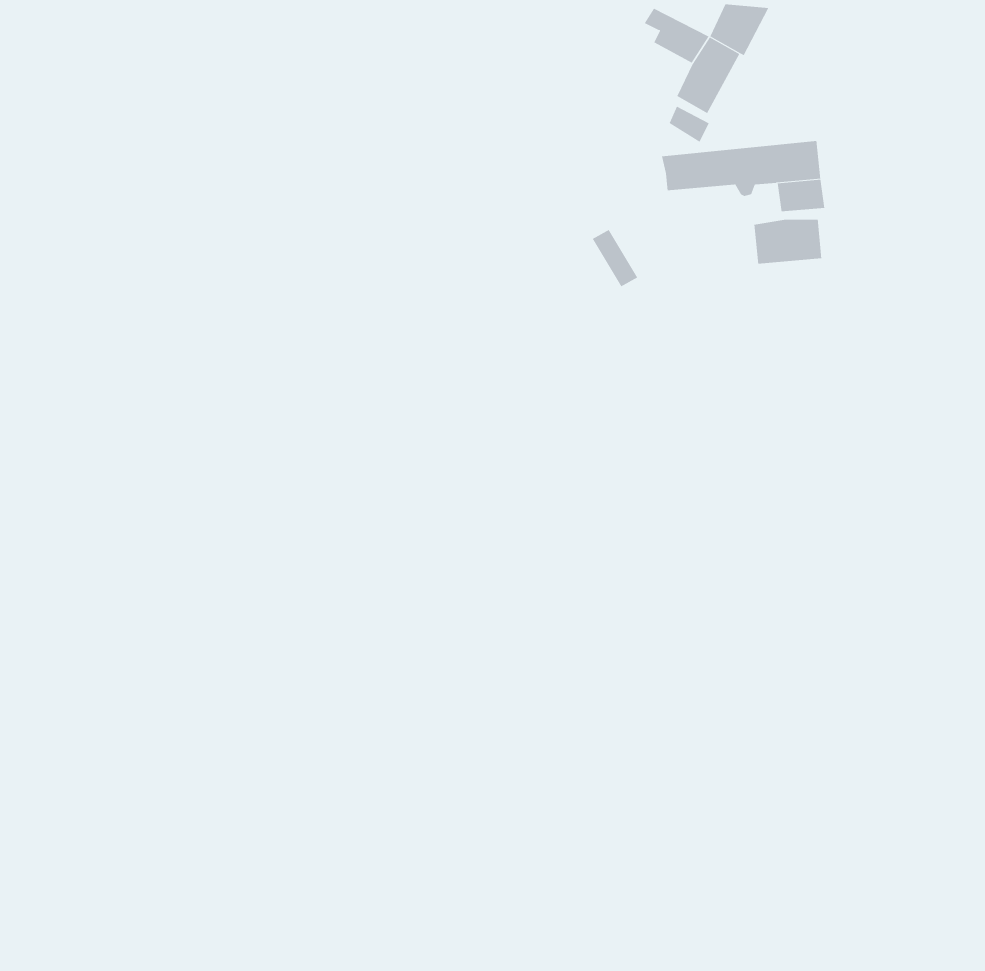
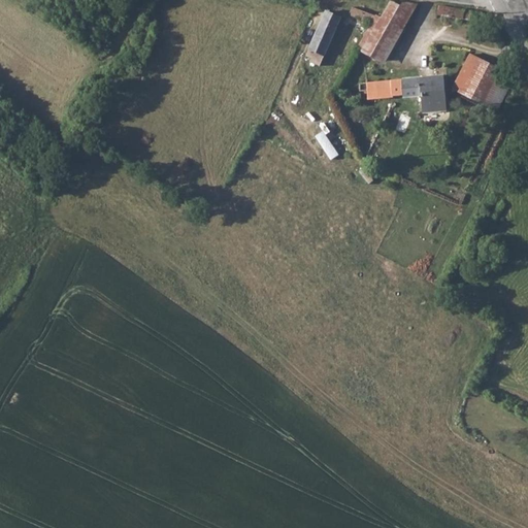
building: none -> [308,12,343,65]
building: none -> [456,47,502,97]
building: [754,219,822,265] -> none

